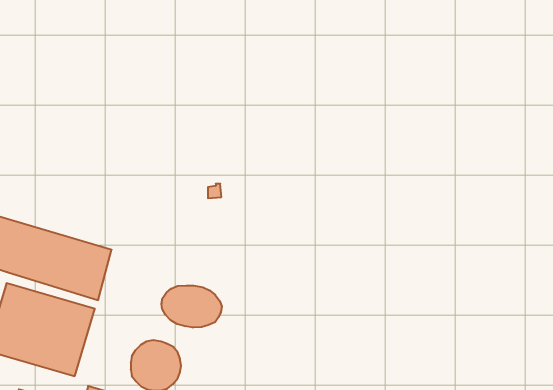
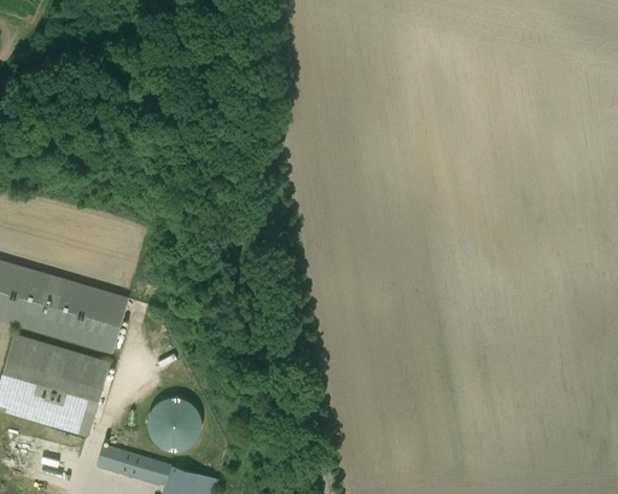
building: [162,286,222,328] -> none

